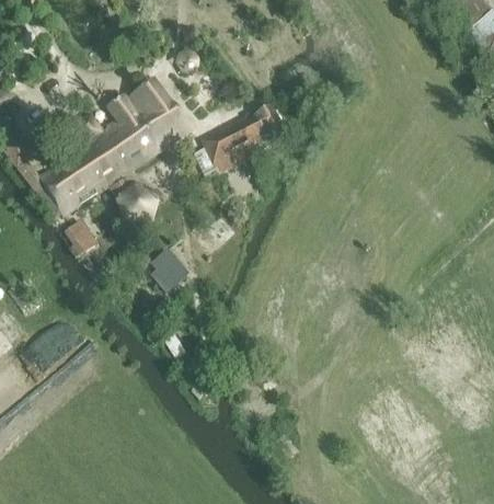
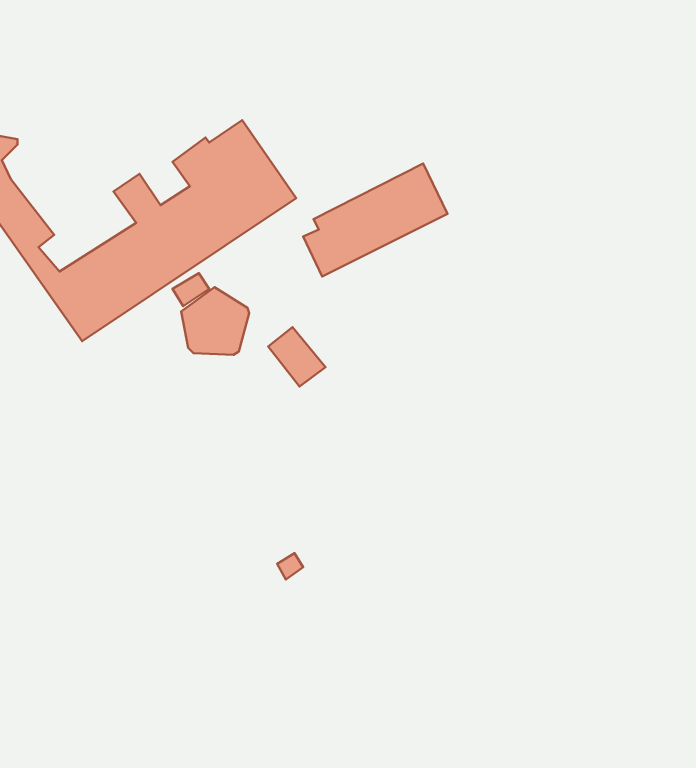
building: [67,215,101,251] -> none
building: [156,245,192,283] -> [268,327,325,386]

